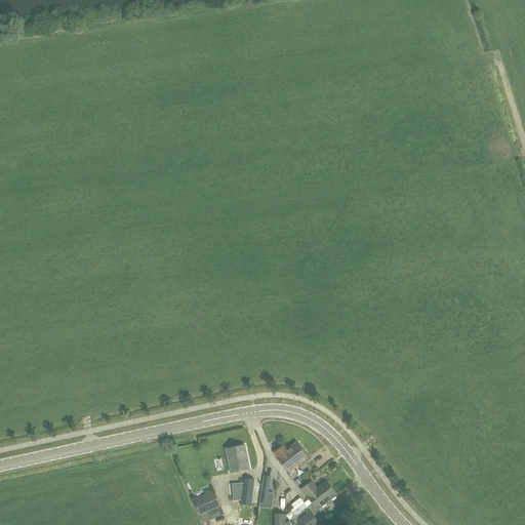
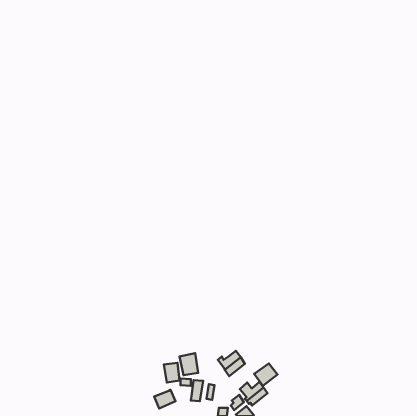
building: none -> [164,363,180,383]
building: none -> [254,363,278,386]

